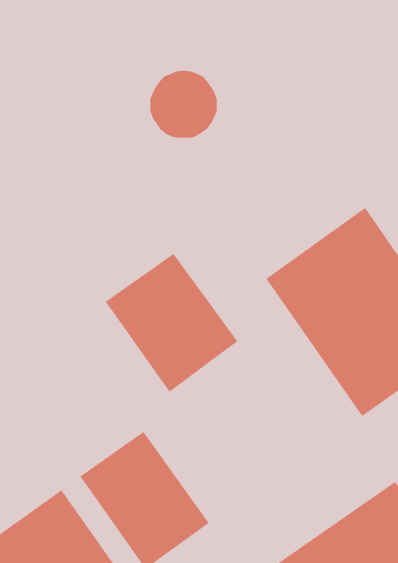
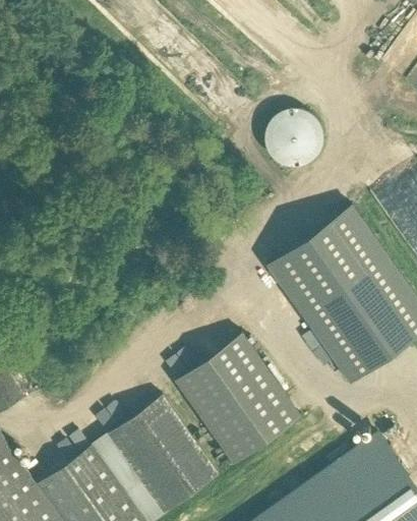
building: [150,70,217,138] -> [263,108,321,166]
building: [105,253,238,392] -> [180,342,294,461]

